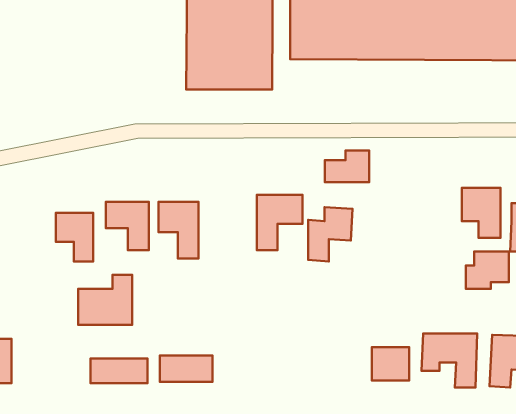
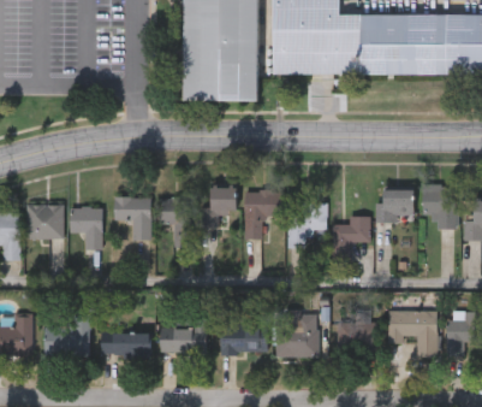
building: [325,150,369,182] -> [332,217,370,244]
building: none -> [202,190,234,228]
building: none -> [26,205,63,238]
building: [466,252,509,289] -> [375,190,412,223]
building: [78,275,132,325] -> [43,314,90,358]
building: none -> [278,313,317,358]
building: none -> [220,329,267,355]

